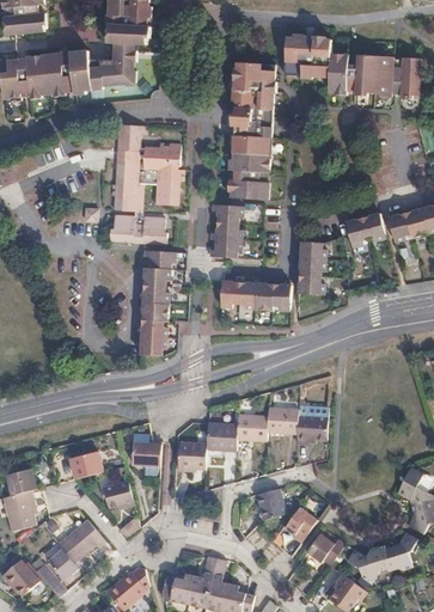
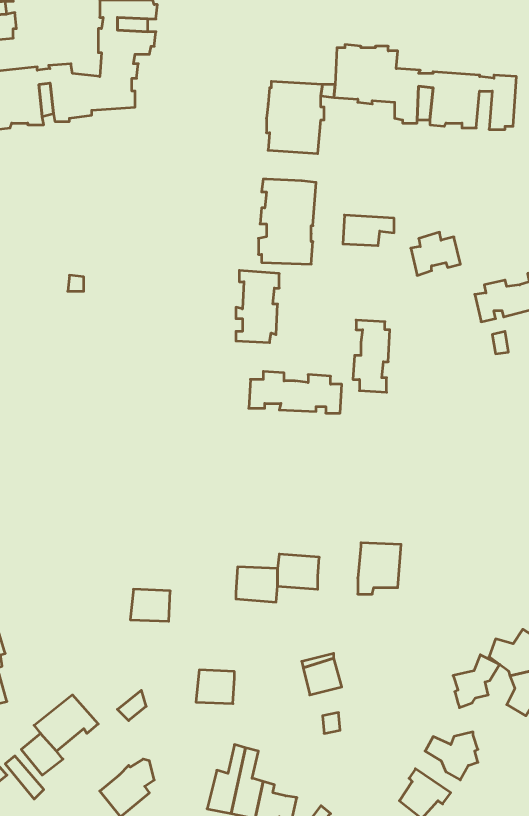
building: [232,112,270,135] -> [343,215,394,246]
building: [108,121,181,241] -> none
building: [346,213,383,245] -> [411,232,460,275]
building: [137,247,173,353] -> none
building: [270,406,302,432] -> none
building: [181,441,209,466] -> [196,670,234,704]
building: [71,452,103,478] -> none
building: [104,481,135,507] -> none
building: [286,507,319,543] -> none
building: [310,533,347,564] -> none
building: [386,533,421,573] -> [453,655,500,708]
building: [163,574,195,604] -> none

